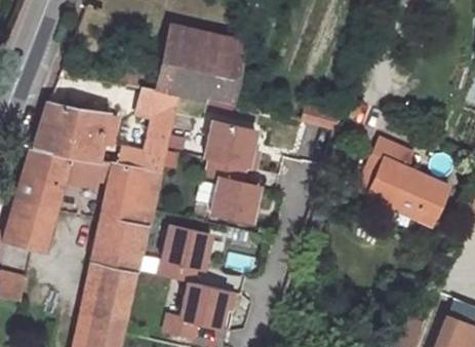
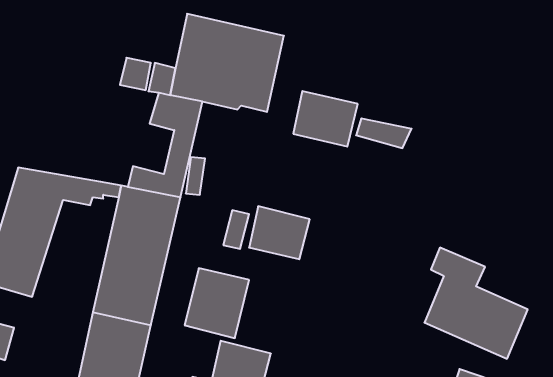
building: [32,105,117,158] -> none
building: [209,121,261,165] -> [293,91,358,147]
building: [367,142,449,230] -> [424,248,528,359]

